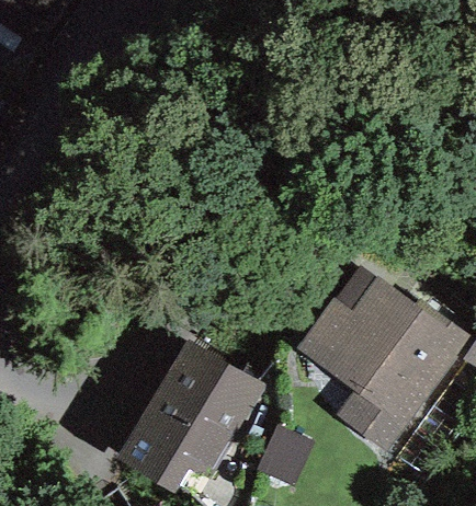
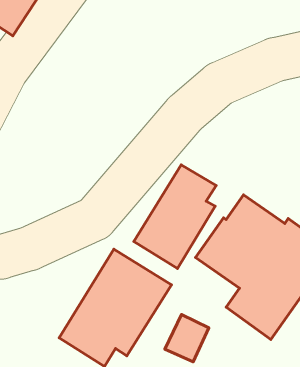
building: none -> [134,165,216,268]

